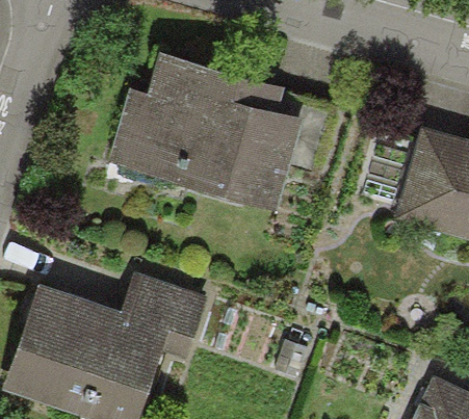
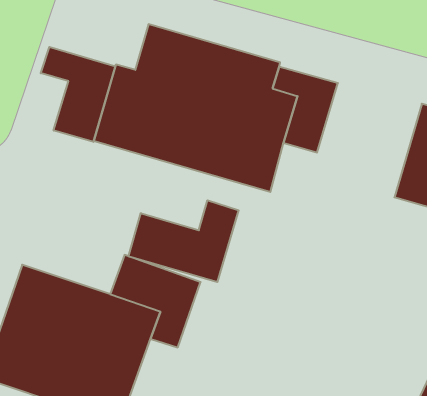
building: none -> [41,47,115,142]
building: none -> [128,200,239,282]

